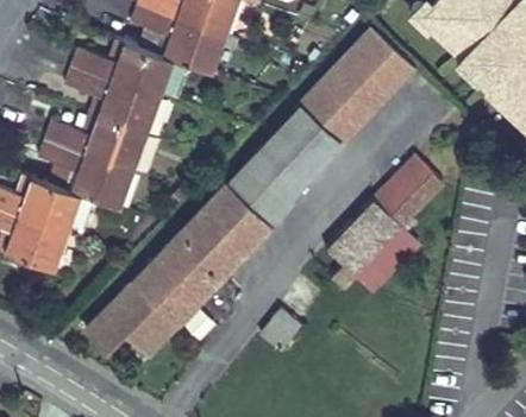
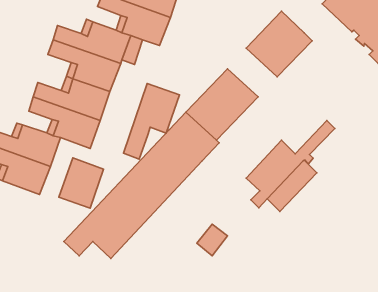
building: [301,77,367,141] -> none
building: none -> [123,83,180,159]
building: [372,156,432,216] -> none
building: none -> [59,158,104,208]

